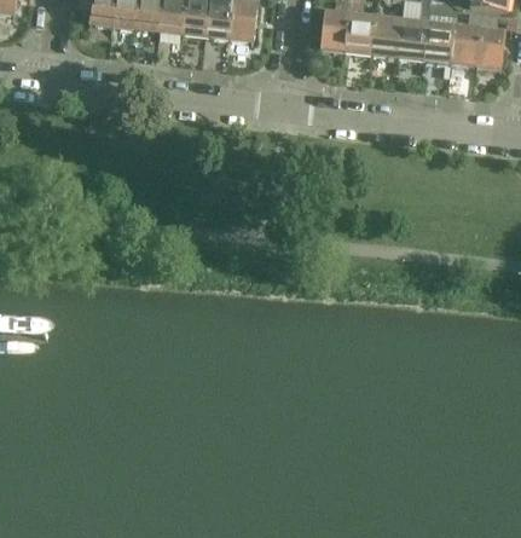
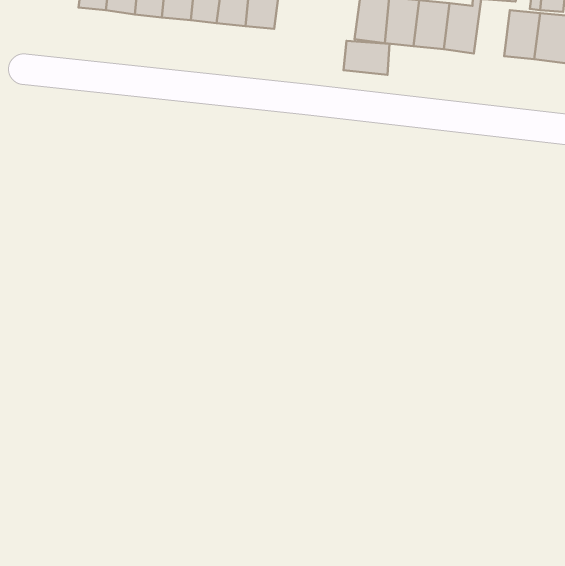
building: [423,22,453,63] -> none
building: none -> [343,41,389,75]

